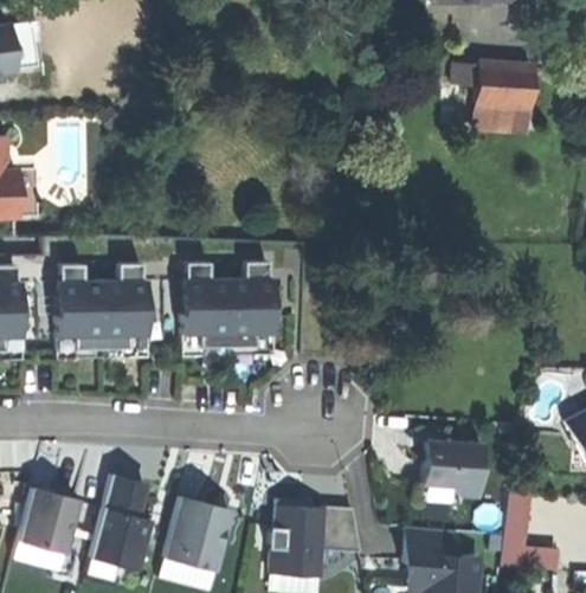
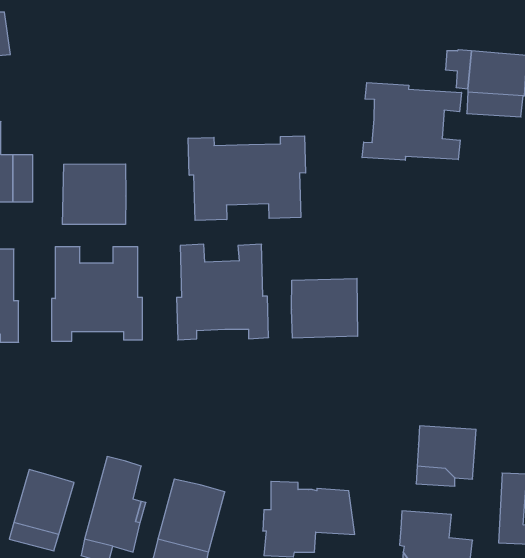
building: none -> [362,83,461,160]
building: none -> [188,136,306,220]
building: none -> [62,164,126,224]
building: none -> [292,278,358,338]

